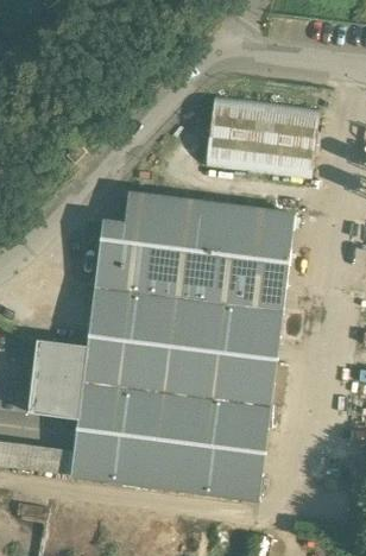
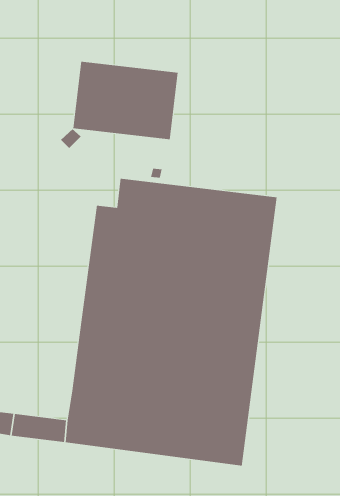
building: [207,96,318,179] -> [73,61,178,140]
building: [27,339,87,418] -> none

